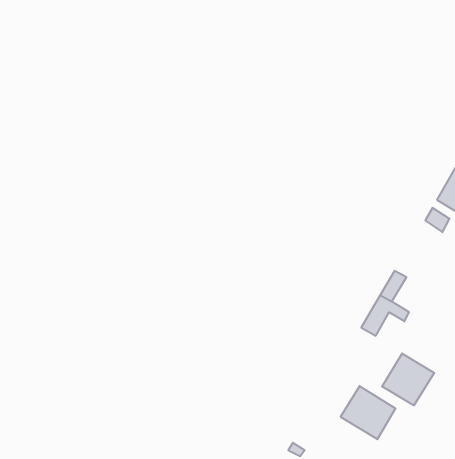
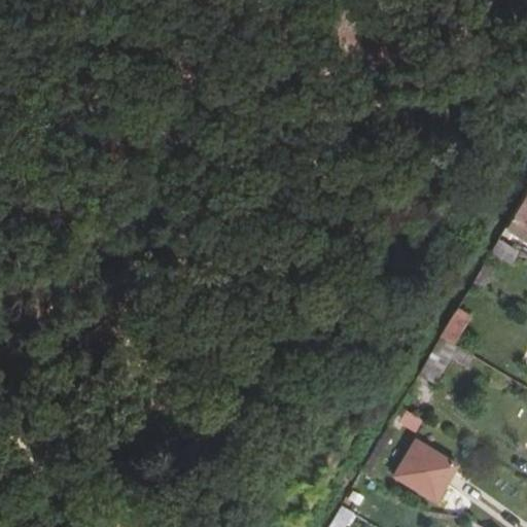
building: [382,353,434,405] -> none

